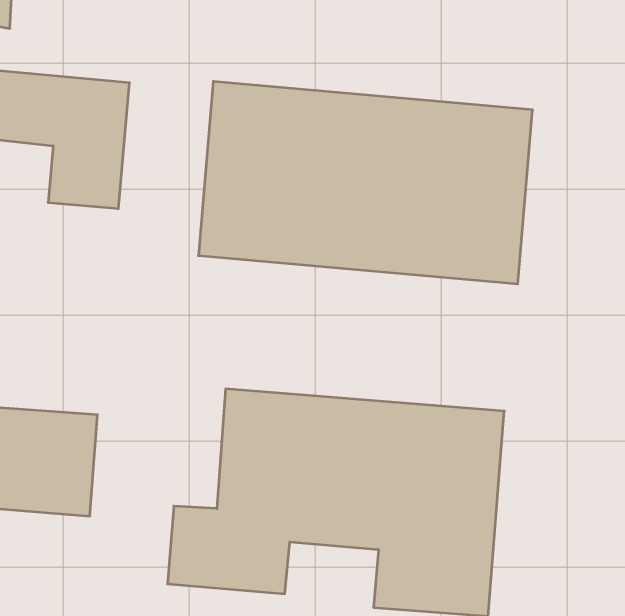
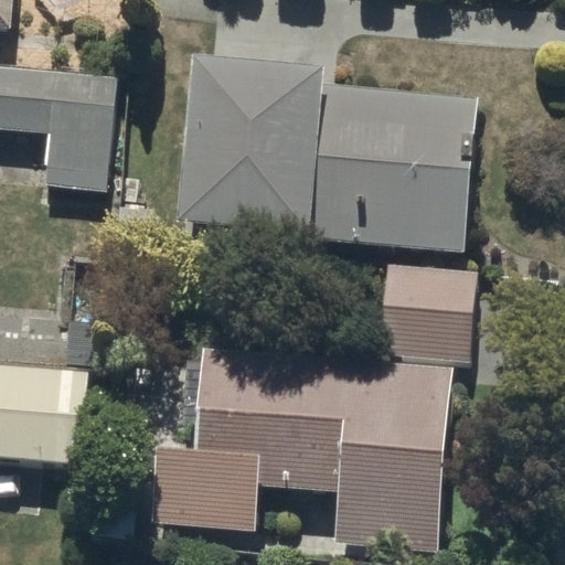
building: none -> [380,262,477,358]

